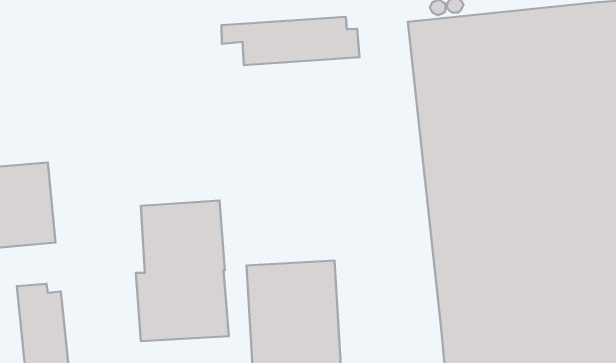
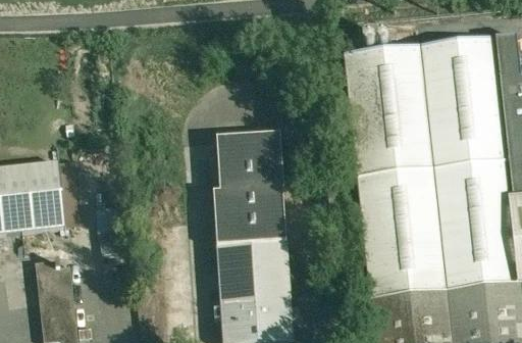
building: [221,17,360,65] -> none
building: [136,201,229,341] -> [212,132,285,243]

